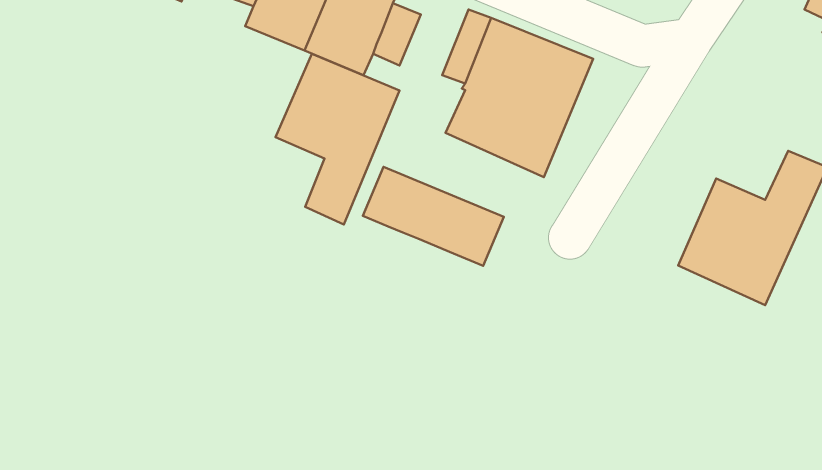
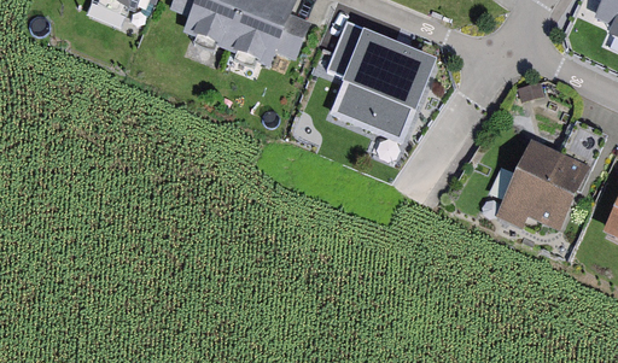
building: [275,54,400,224] -> none
building: [363,167,504,266] -> none

